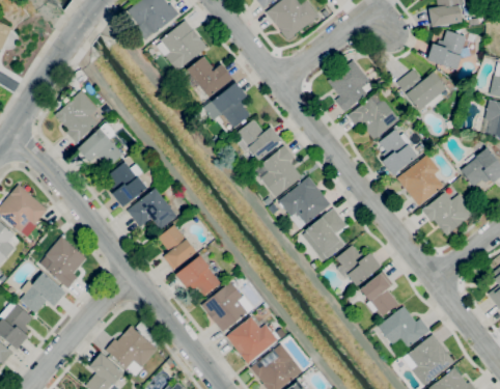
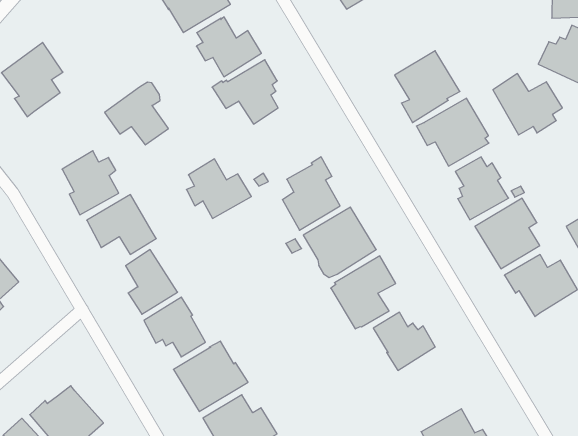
building: [238,118,283,160] -> [186,159,251,218]
building: [78,123,123,167] -> [105,82,168,145]
building: [361,271,398,316] -> none

